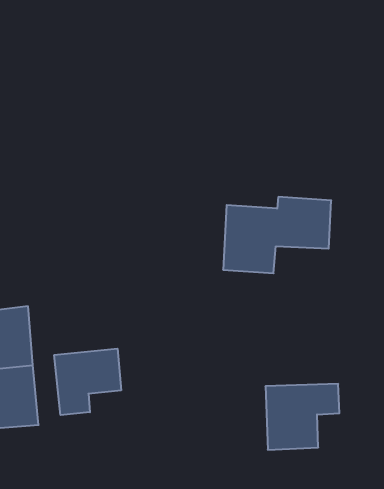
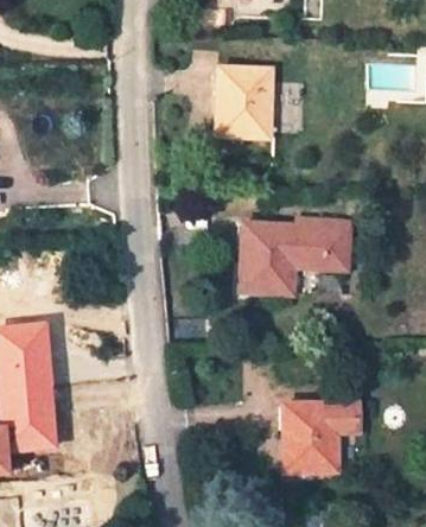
building: none -> [218,69,271,135]
building: [54,349,121,415] -> none

